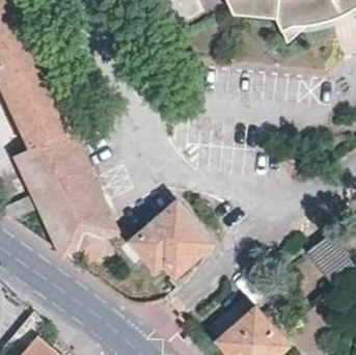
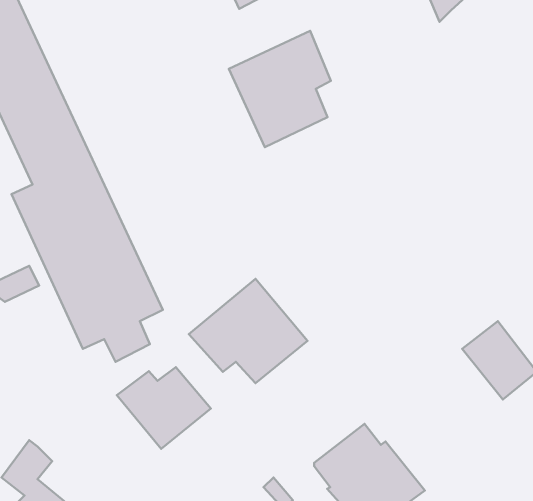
building: none -> [229,31,331,147]
building: none -> [117,367,211,449]

